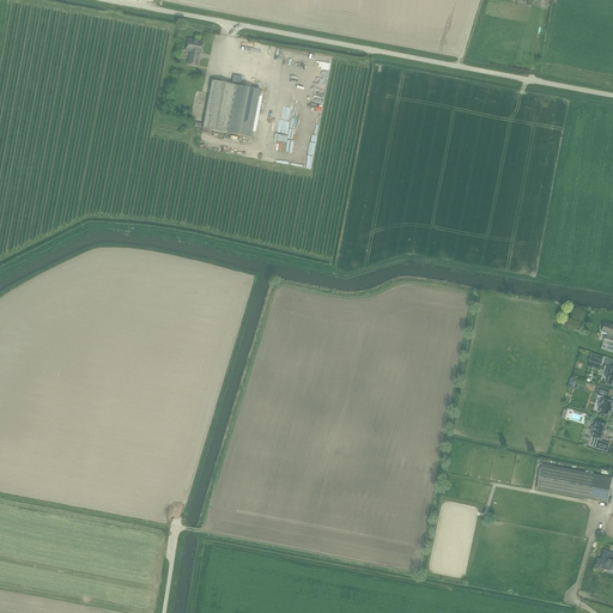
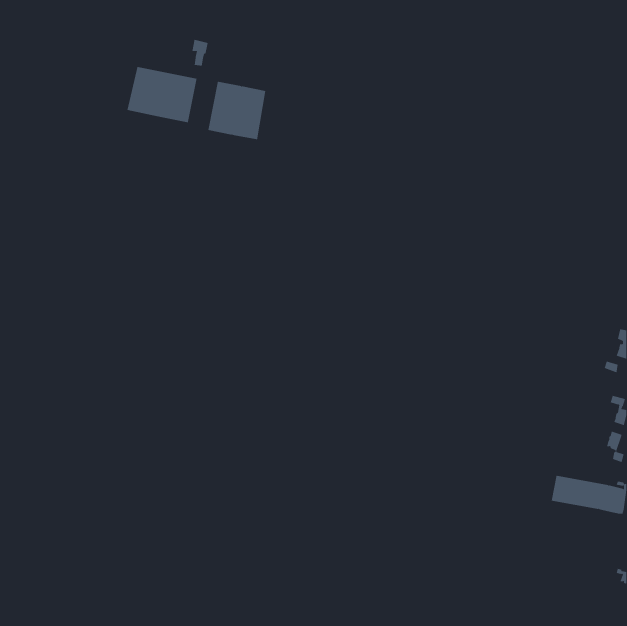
building: none -> [127,66,197,123]

